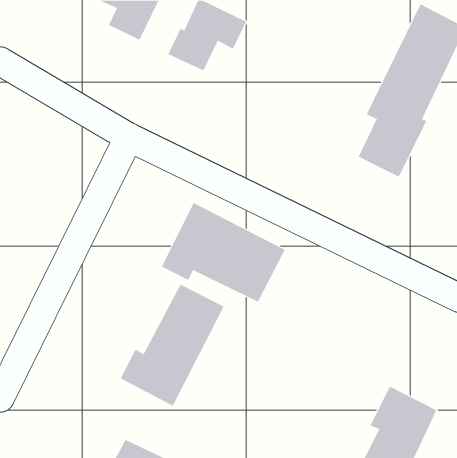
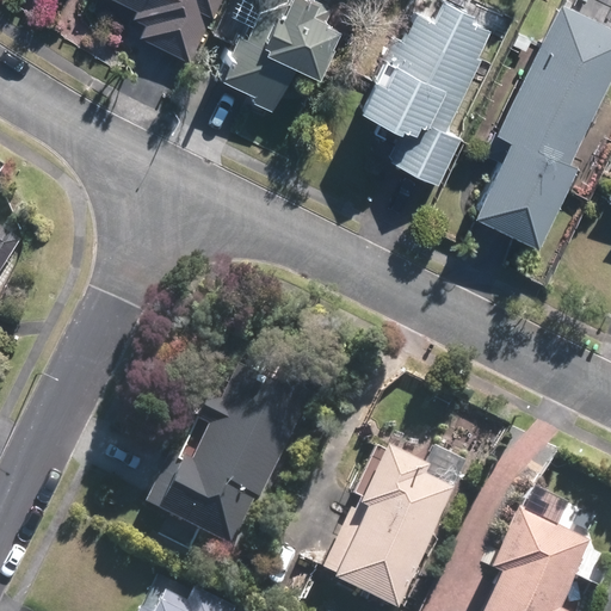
building: none -> [369,13,487,179]
building: [161,202,286,303] -> none
building: none -> [332,457,449,604]

